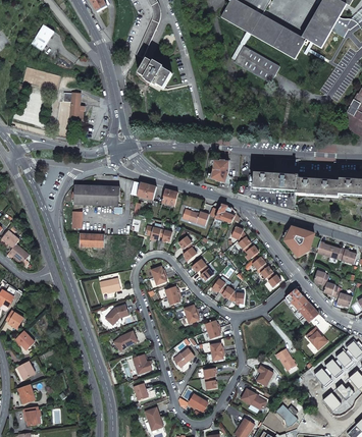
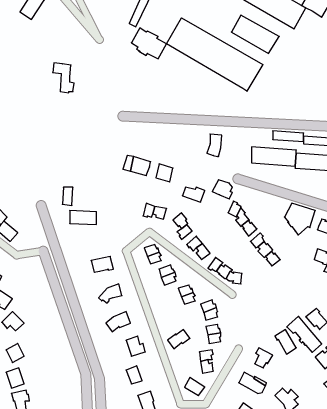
building: none -> [167,18,263,91]
building: [72,185,122,206] -> none
building: [285,287,318,322] -> [287,316,322,352]

